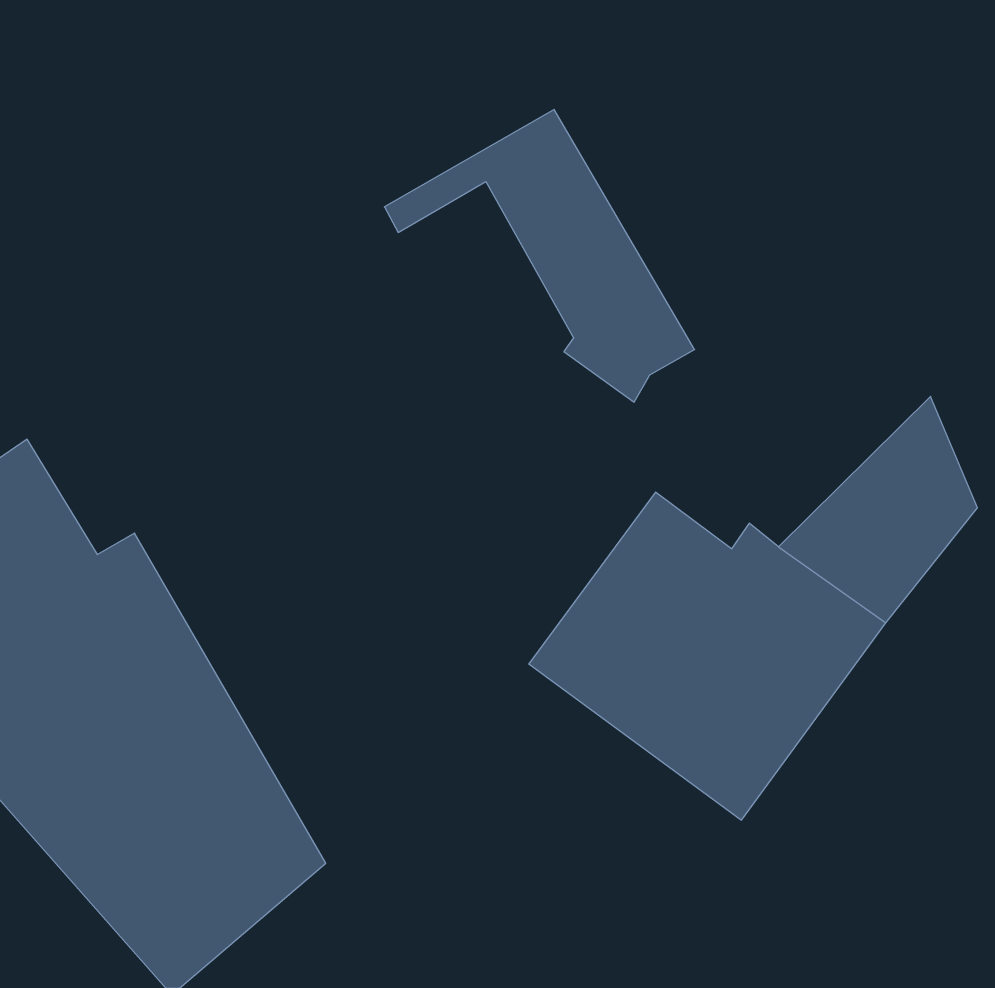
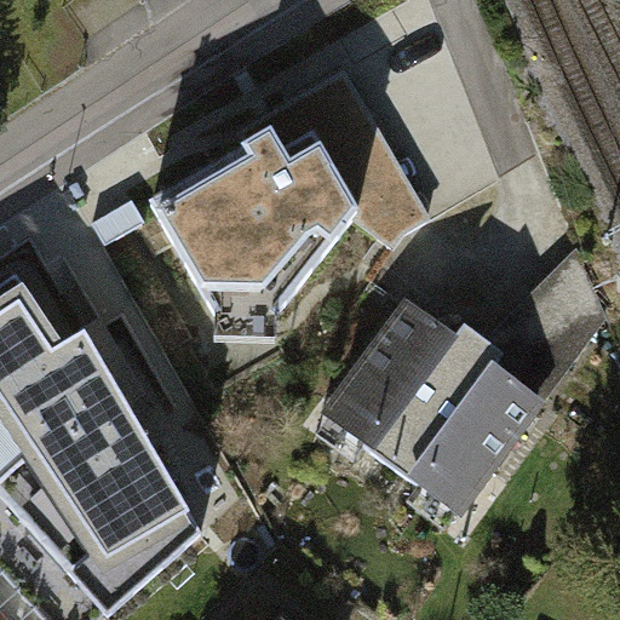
building: none -> [147,113,356,316]

